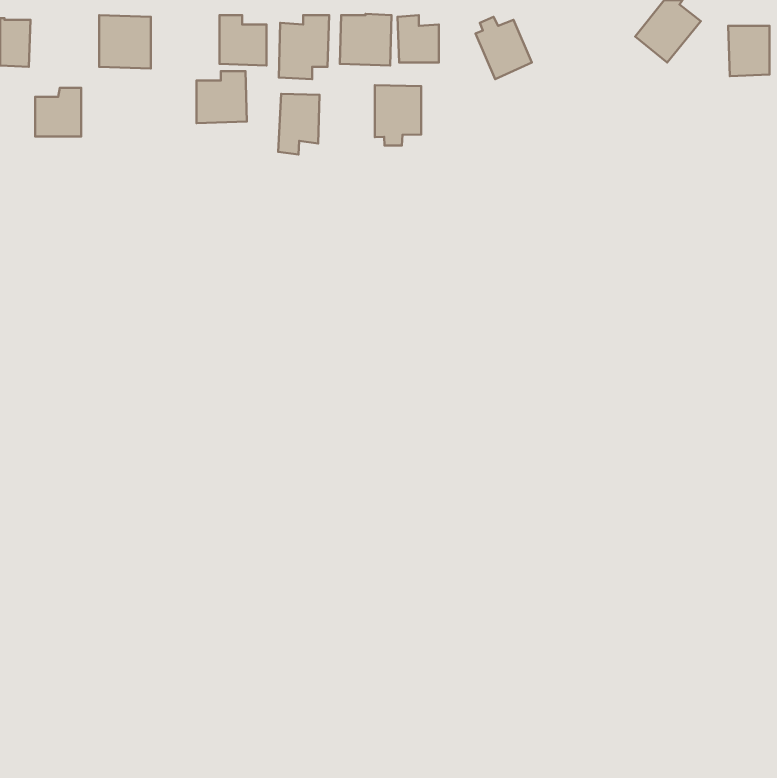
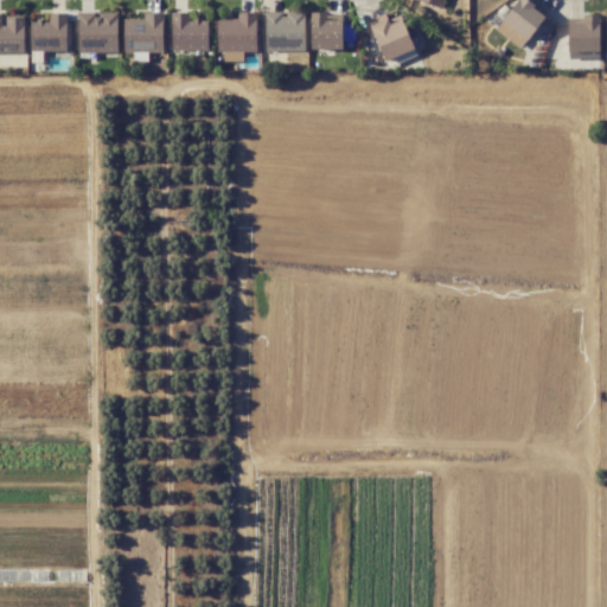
building: [197,71,247,123] -> [124,12,164,52]
building: [375,85,421,145] -> none
building: [35,88,81,136] -> [31,13,66,51]
building: [278,94,319,154] -> none

